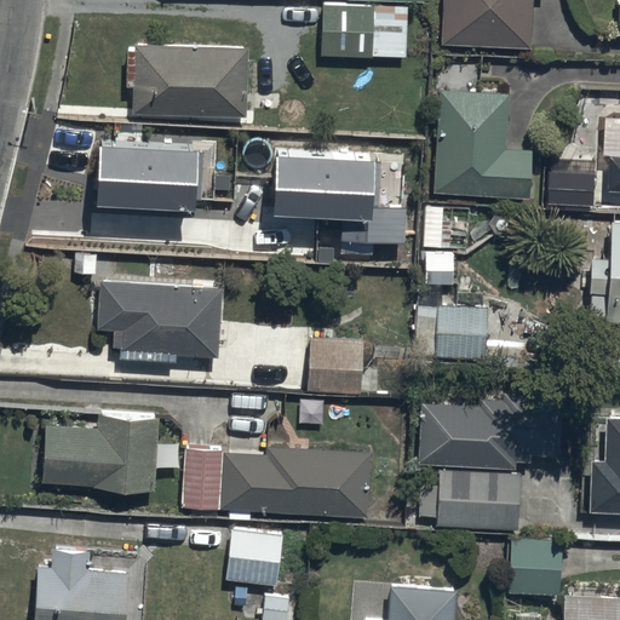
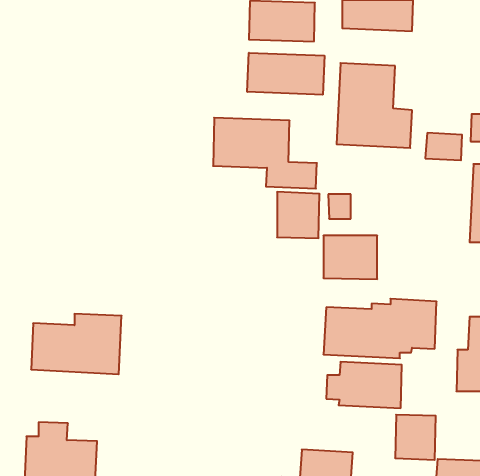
building: [133,41,248,114] -> none
building: none -> [247,53,324,95]
building: [98,148,203,217] -> none
building: [99,279,222,354] -> none
building: [309,339,363,398] -> [277,192,320,238]
building: [183,442,368,515] -> none
building: [228,534,281,586] -> none

